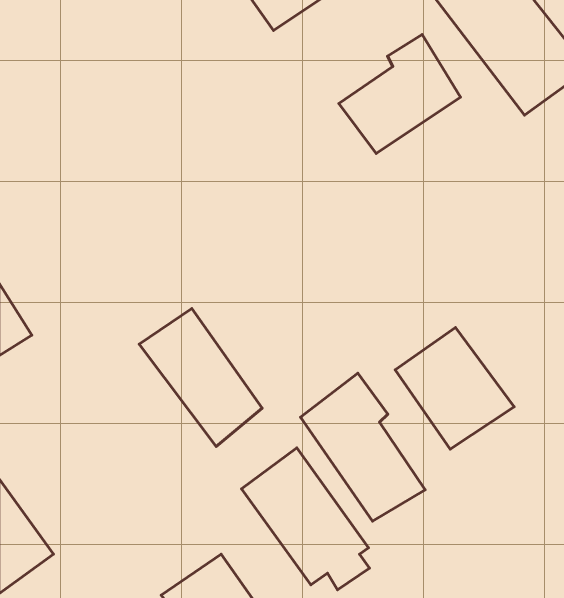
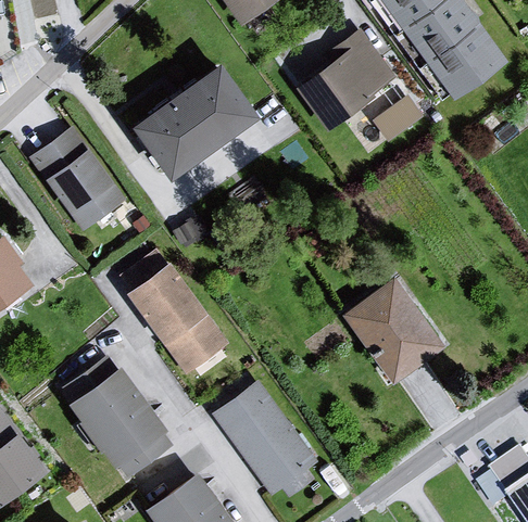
building: none -> [126,64,256,182]
building: none -> [379,87,429,133]
building: none -> [33,130,129,230]
building: [300,373,425,521] -> none
building: none -> [66,367,175,479]

